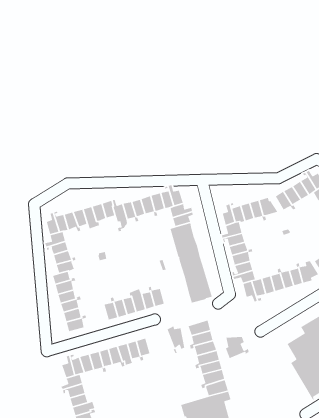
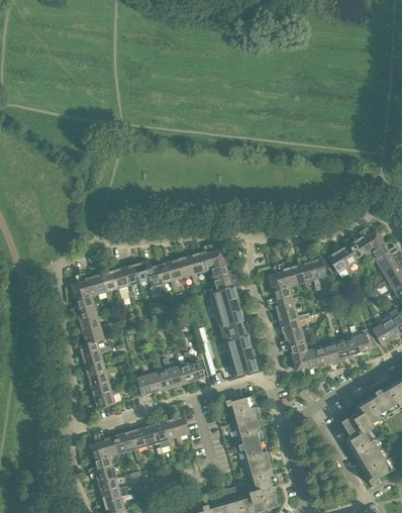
building: [167,325,185,354] -> none
building: [225,336,249,359] -> none

